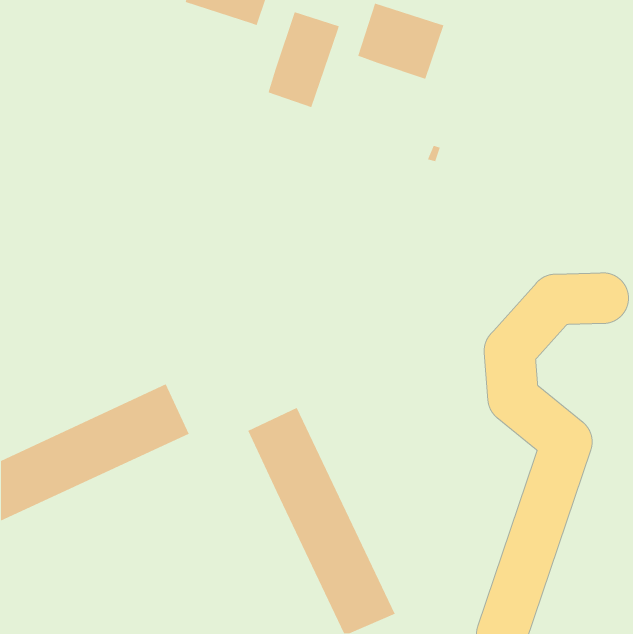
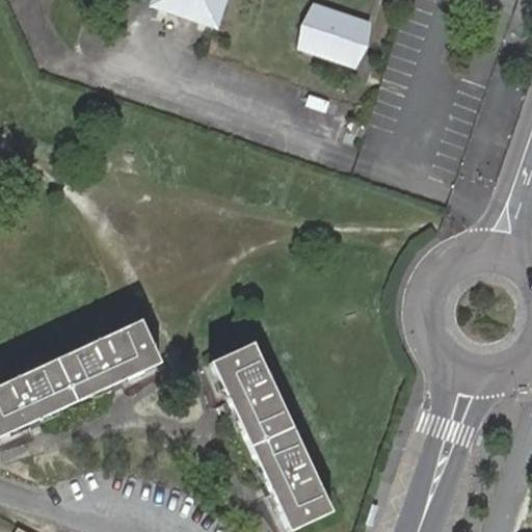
building: [267,11,340,108] -> none

